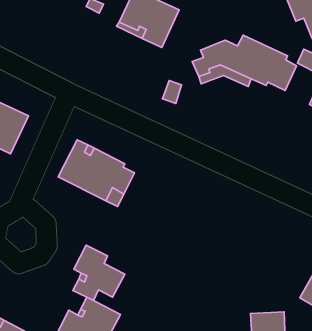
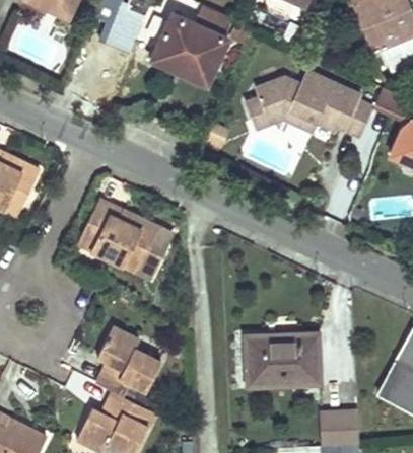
building: none -> [246,334,319,385]

